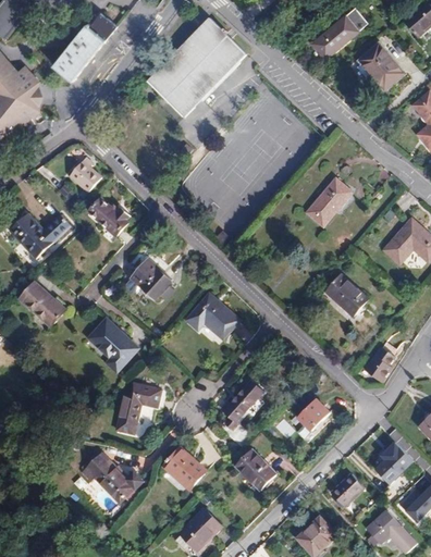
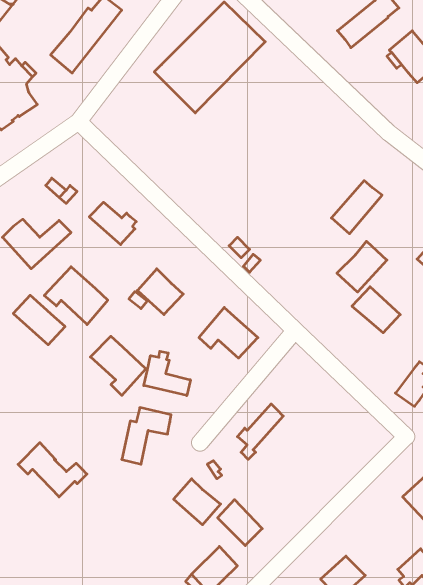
building: [69,158,101,191] -> none
building: none -> [337,241,387,292]
building: none -> [44,267,108,325]
building: none -> [144,351,190,396]
building: [297,398,330,431] -> none
building: [235,448,275,490] -> [218,500,262,546]
building: [82,451,144,500] -> [18,443,87,497]
building: [330,473,365,507] -> none

